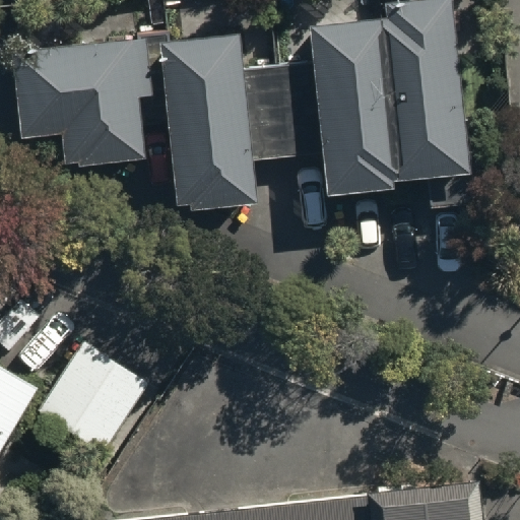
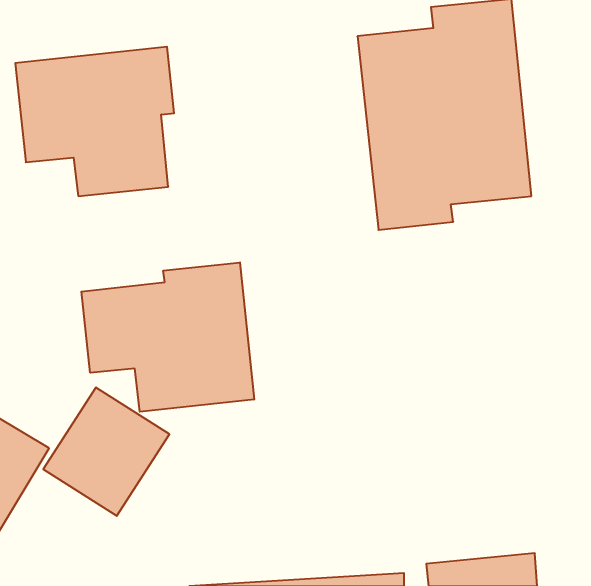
building: [161,39,258,216] -> none
building: none -> [81,262,254,412]

